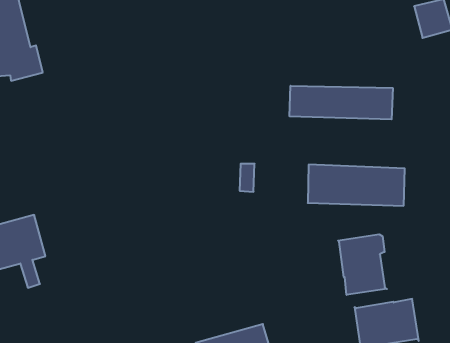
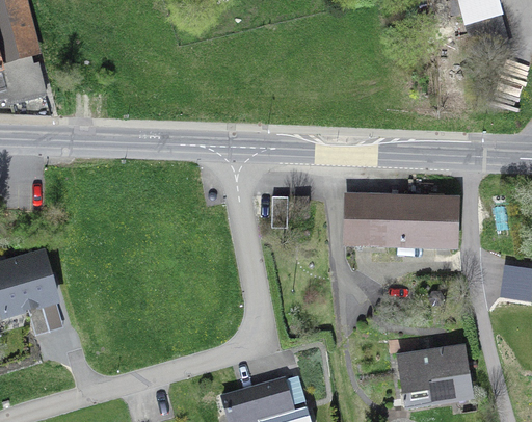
building: [290,86,393,119] -> none
building: [338,234,387,295] -> none

